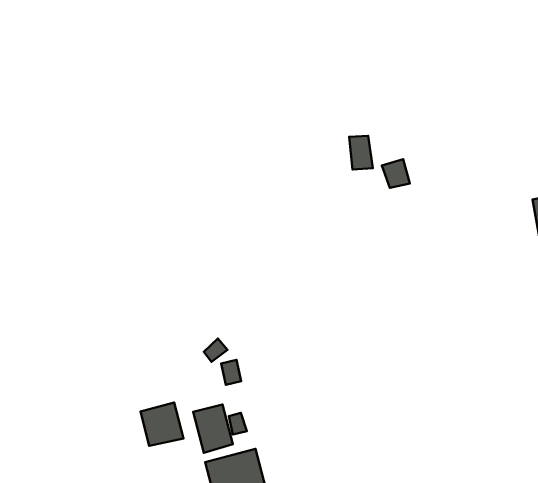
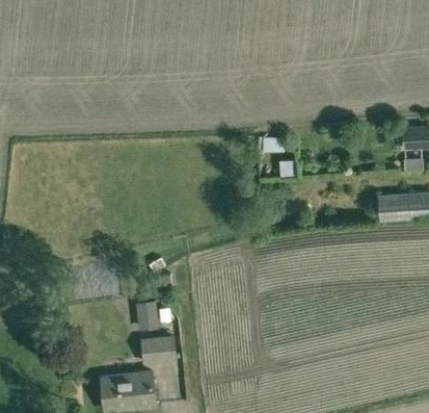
building: [141,403,183,446] -> none

